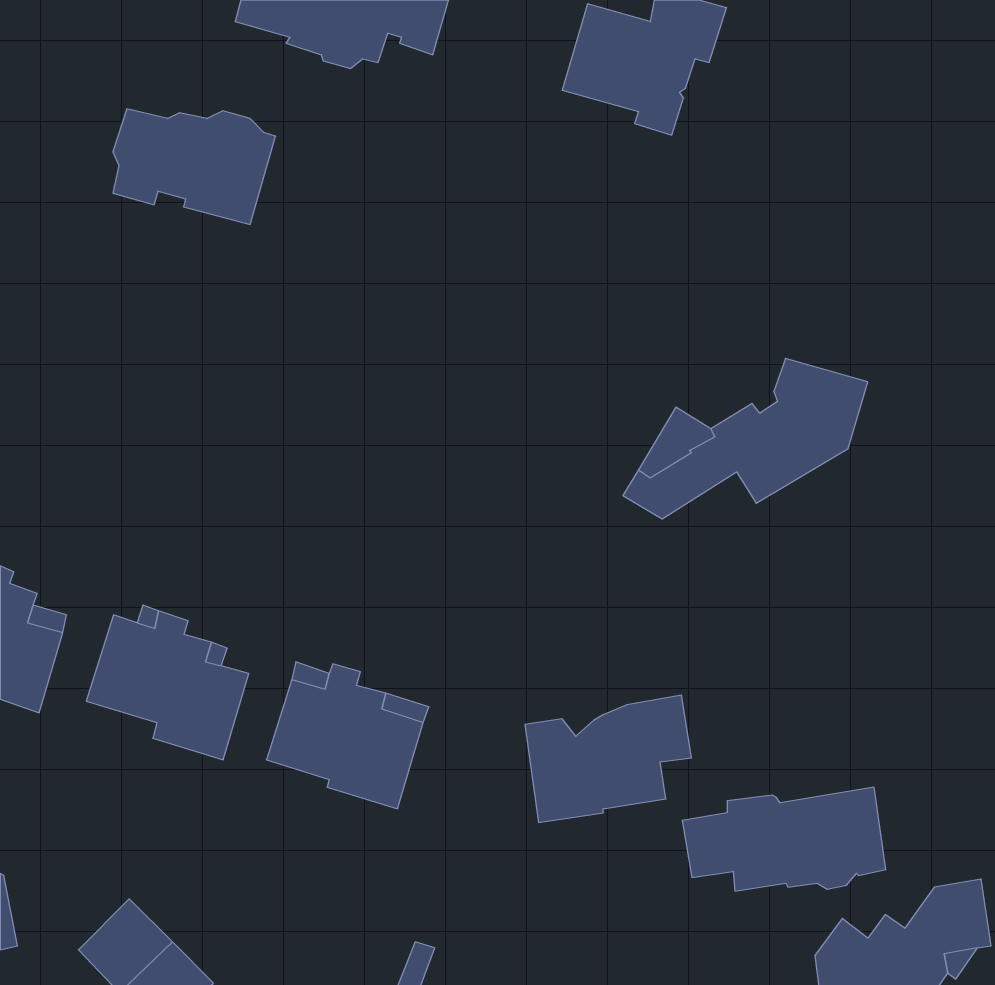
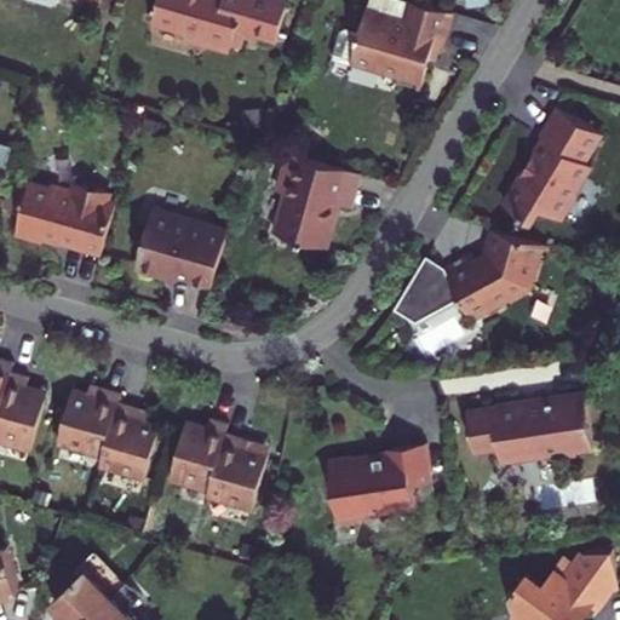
building: [113,109,276,224] -> [15,186,115,258]
building: none -> [501,110,597,222]
building: none -> [270,155,355,247]
building: none -> [134,212,226,289]
building: [682,787,886,891] -> [465,398,591,463]

